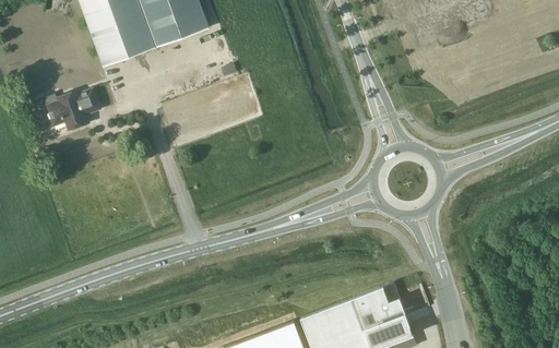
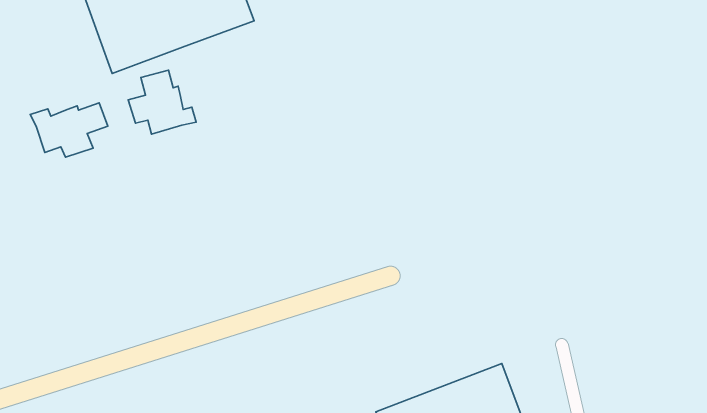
building: none -> [128,70,196,134]

